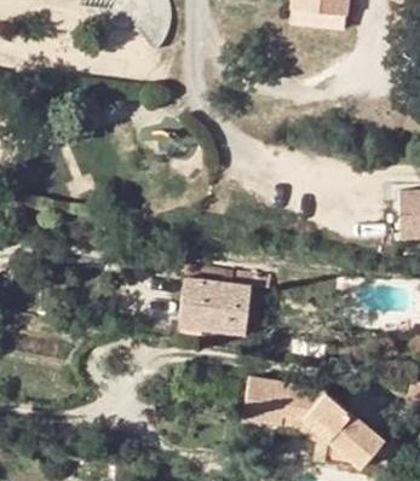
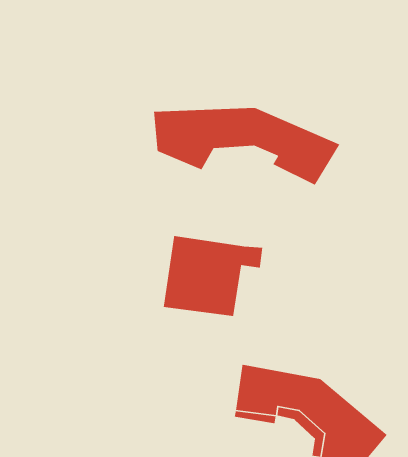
building: none -> [153,107,341,186]

